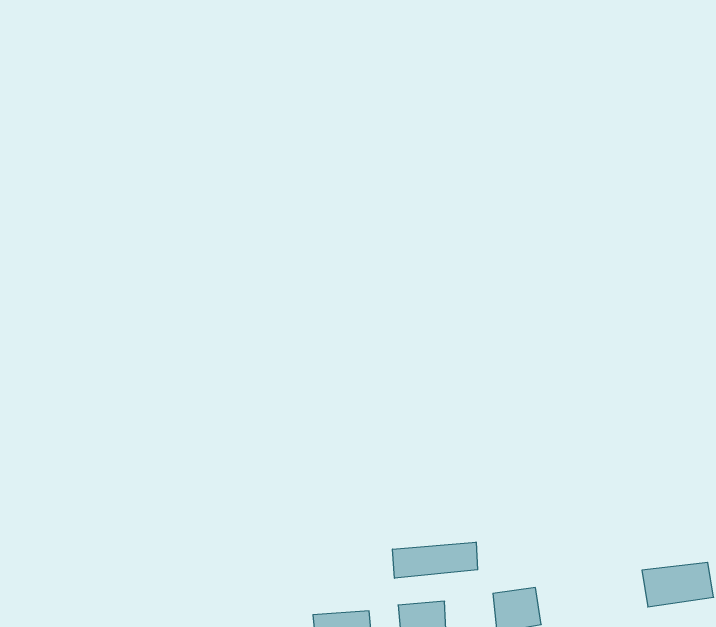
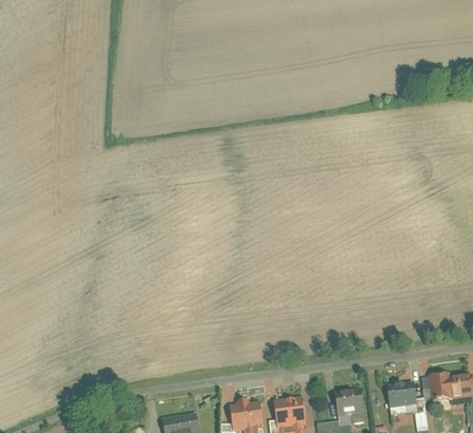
building: [393,542,478,578] -> none
building: none -> [390,382,417,405]

